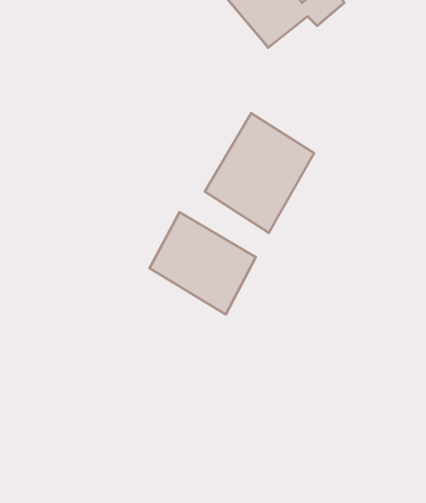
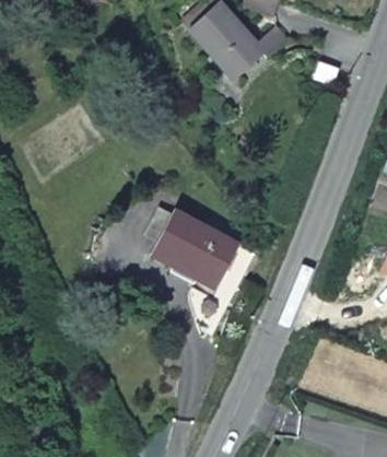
building: [205,113,314,233] -> none

